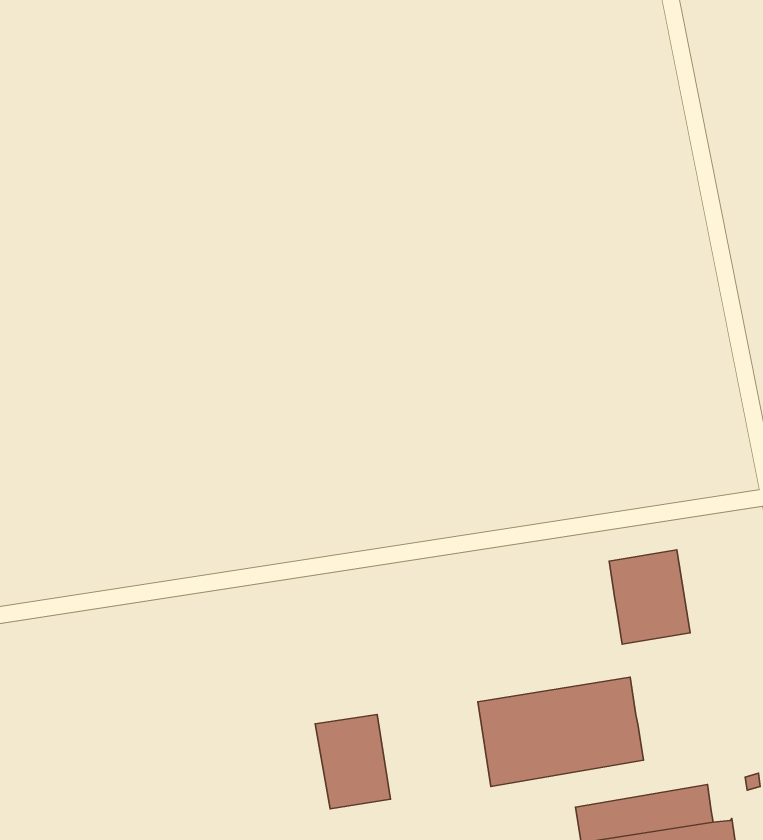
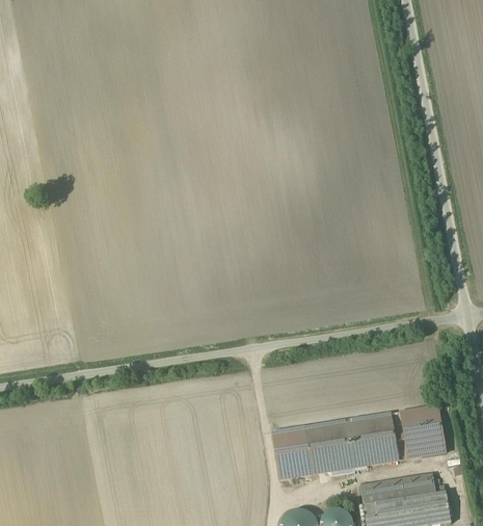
building: [609,550,690,644] -> [401,405,446,457]
building: [315,714,390,809] -> [272,427,314,479]

